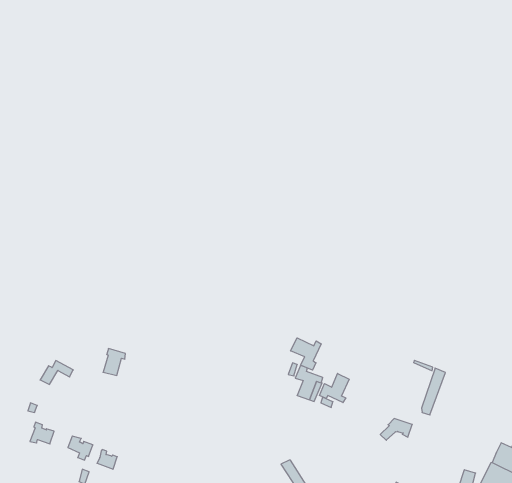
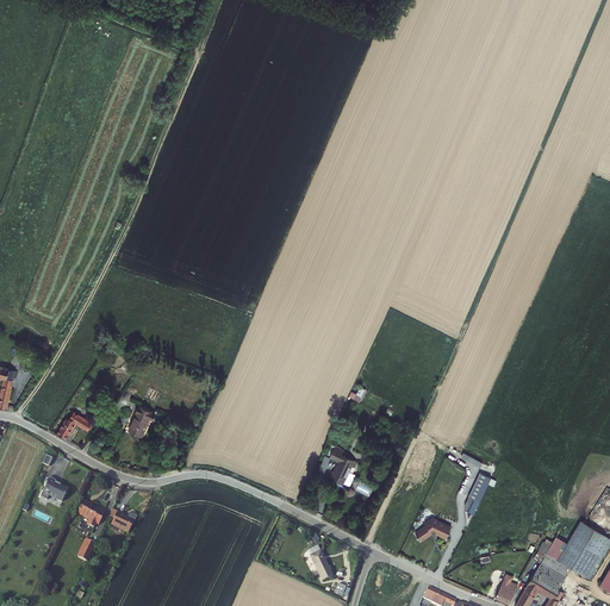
building: [291,338,321,370] -> none
building: [320,373,349,403] -> none

